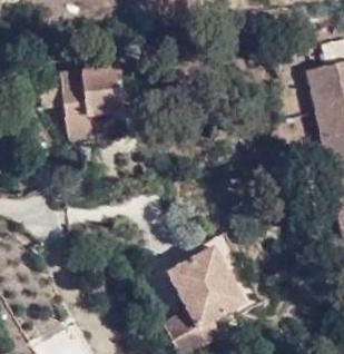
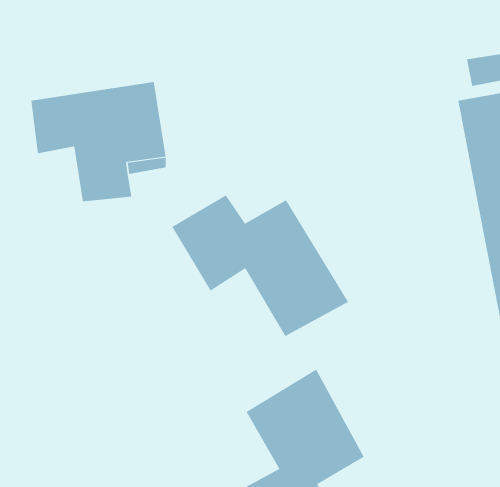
building: none -> [172,195,349,337]

